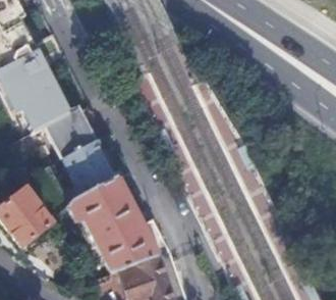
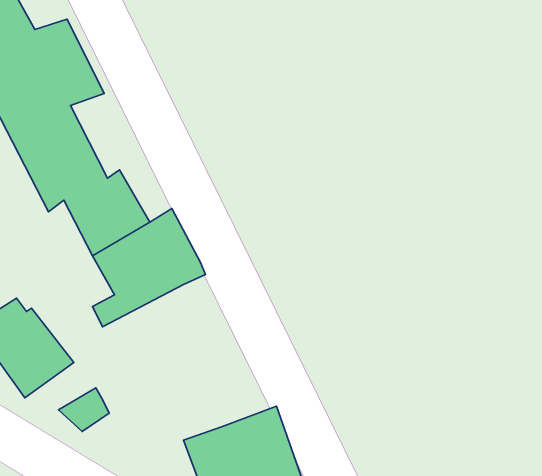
building: [63,177,170,272] -> none

